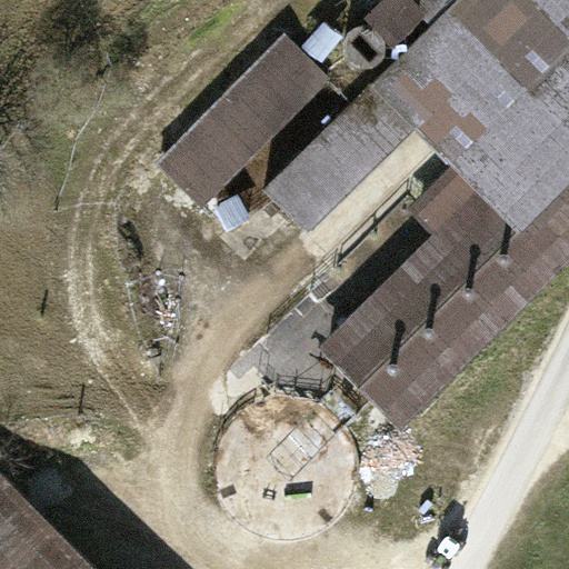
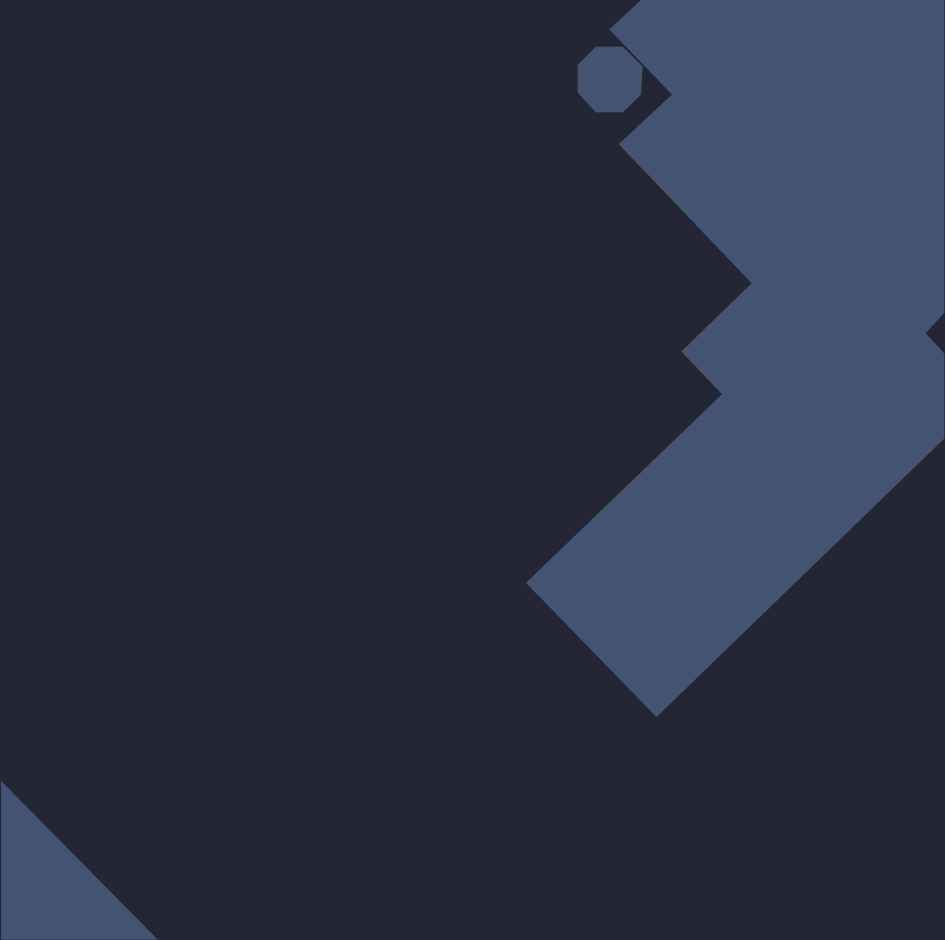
building: [157,28,338,208] -> none
building: [267,91,409,231] -> none

